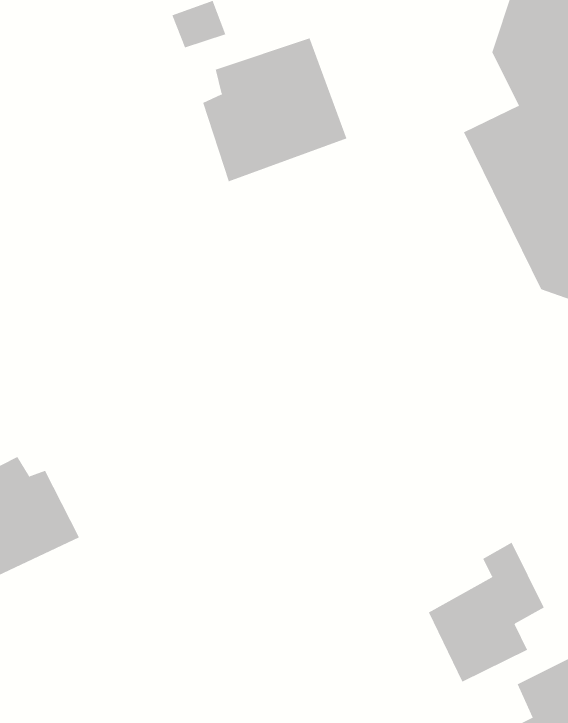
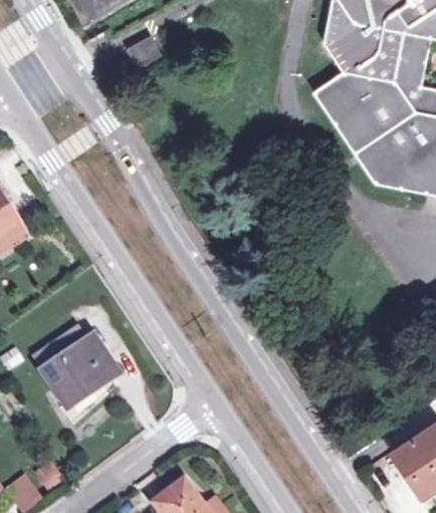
building: [203,38,347,182] -> none
building: [428,542,545,682] -> none

